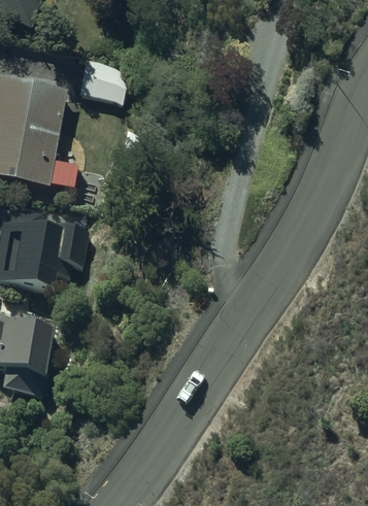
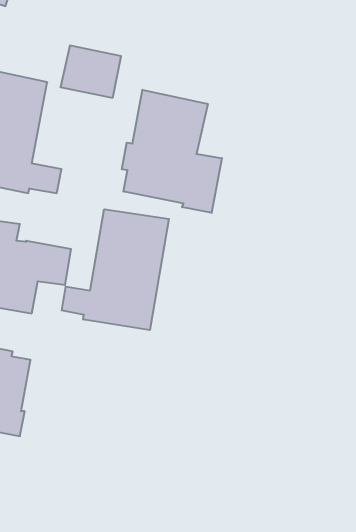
building: none -> [122,90,222,213]
building: none -> [62,209,169,330]

